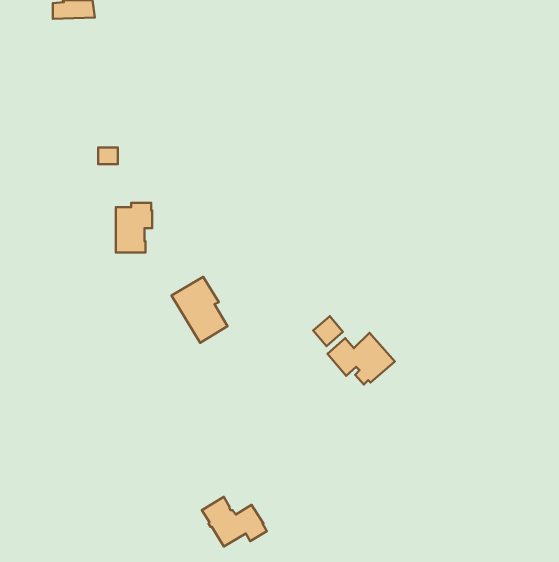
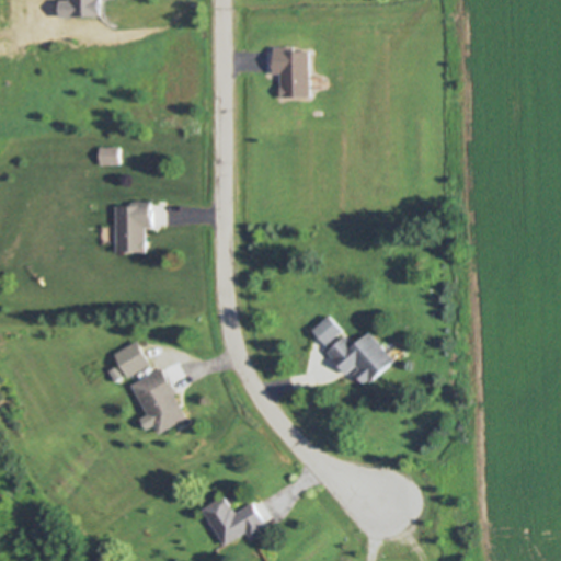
building: none -> [270,48,307,100]
building: [171,277,228,343] -> [130,367,186,433]
building: none -> [107,345,144,380]

